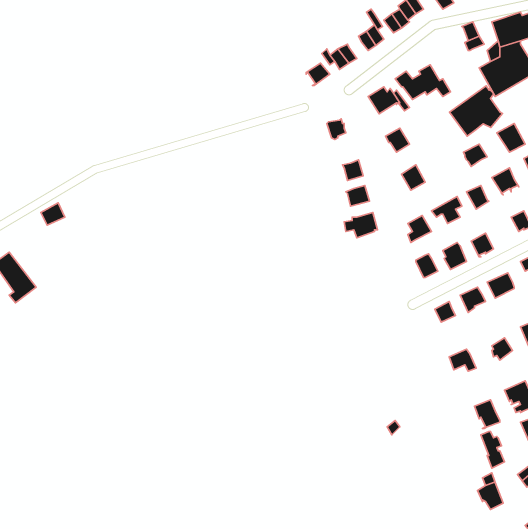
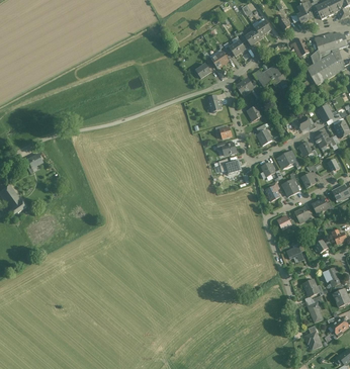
building: [449,86,503,136] -> none

